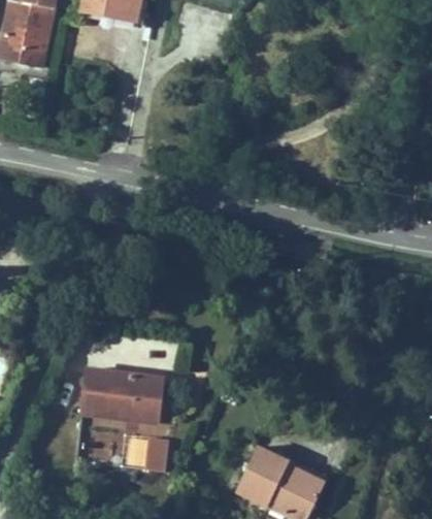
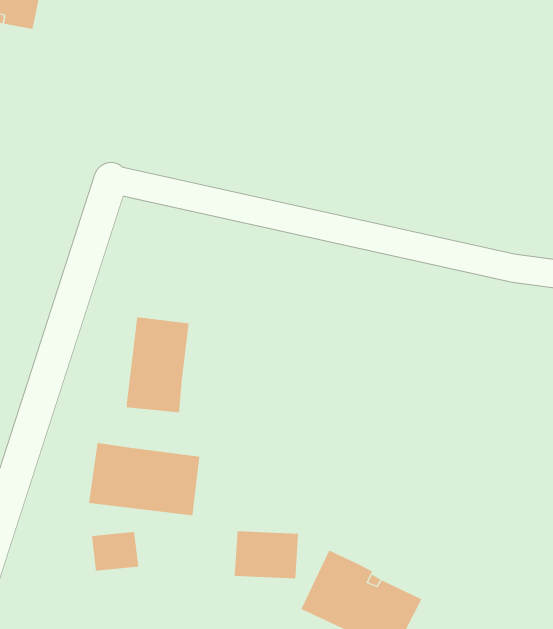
building: none -> [126,316,189,413]
building: [124,439,171,474] -> [234,531,299,579]

